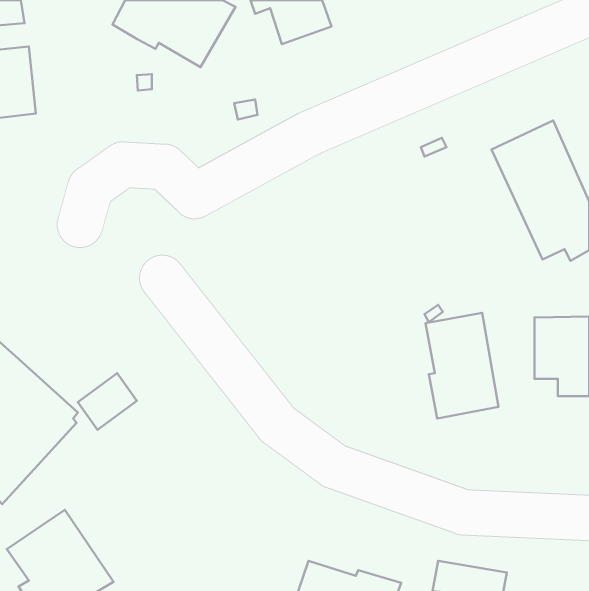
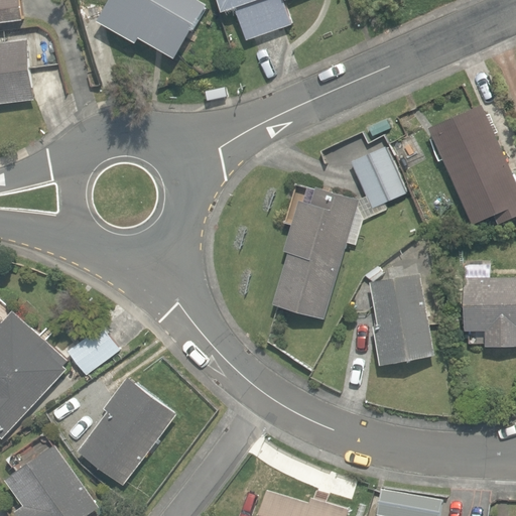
building: none -> [272,146,405,319]
building: none -> [80,377,177,484]

